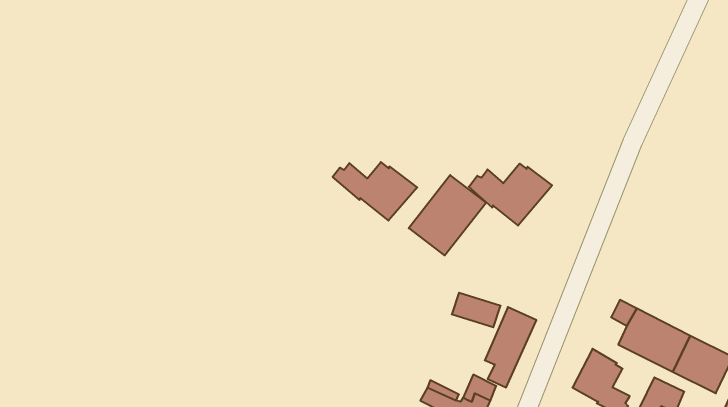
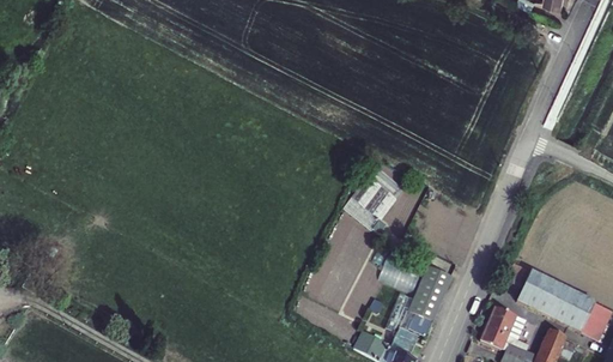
building: [333,162,417,221] -> none
building: [469,164,552,226] -> none

